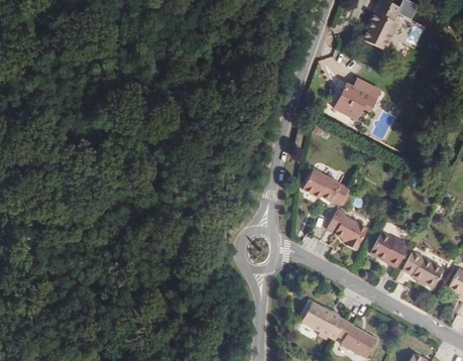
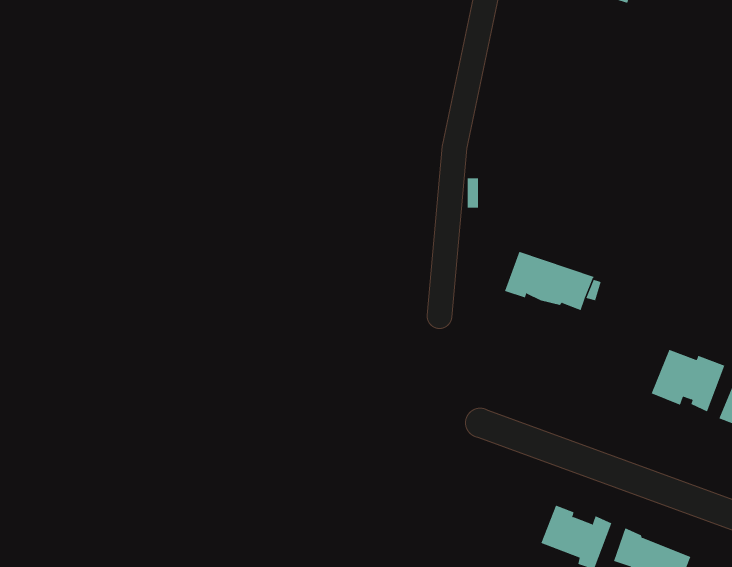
building: [334,82,378,122] -> none
building: [328,209,366,250] -> none

